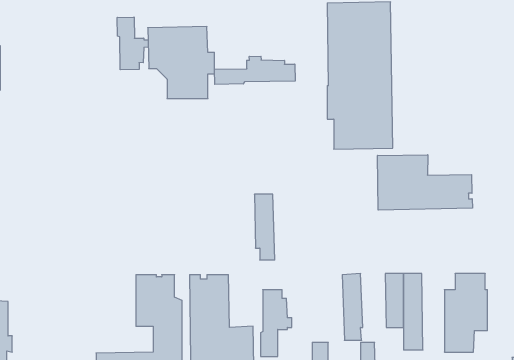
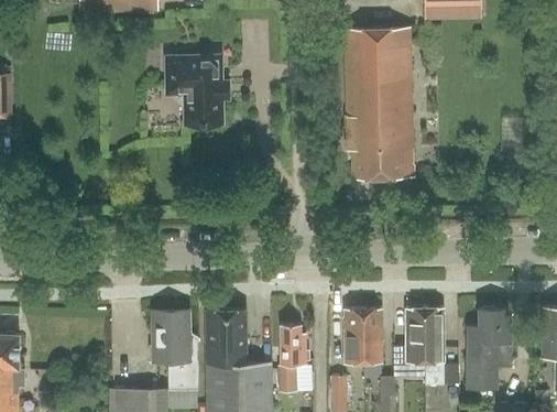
building: [117,17,148,70] -> none
building: [215,56,295,84] -> none
building: [378,155,472,210] -> none
building: [254,194,275,260] -> [342,308,363,376]

